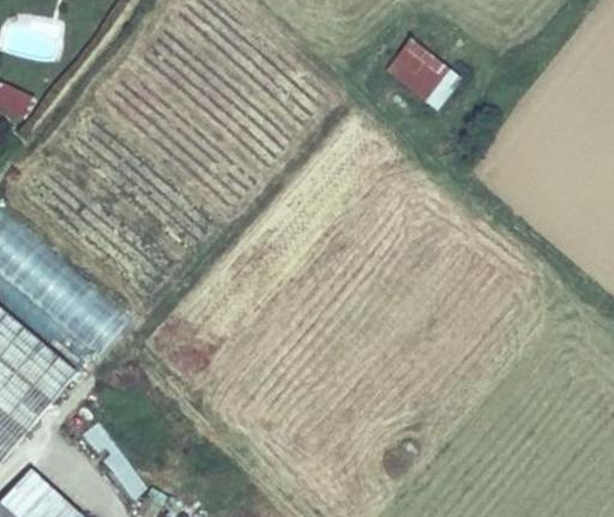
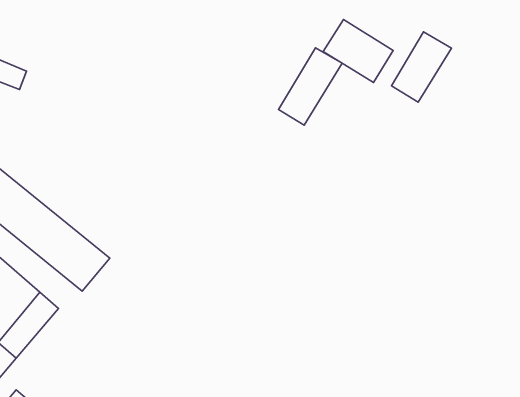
building: none -> [392,32,451,102]
building: none -> [279,48,342,125]

